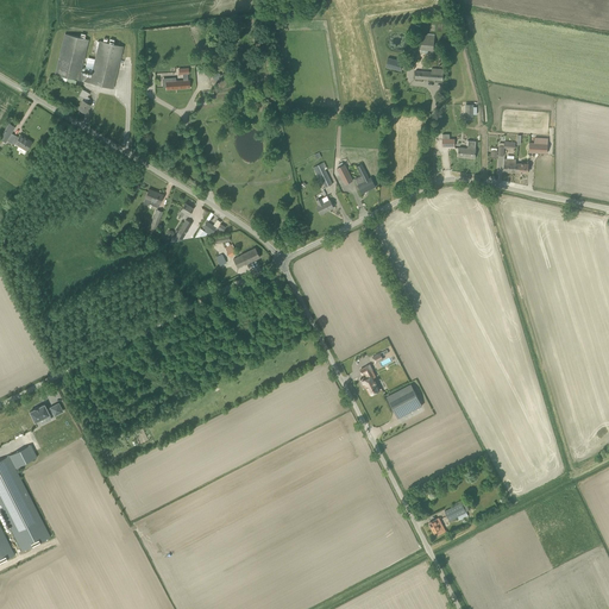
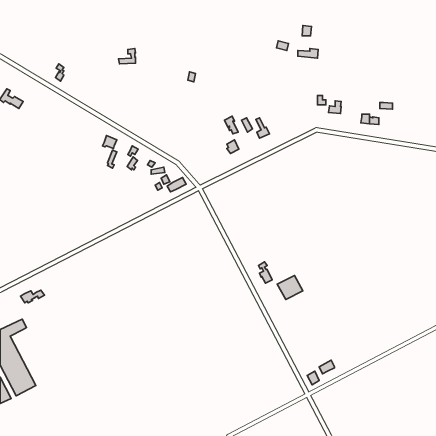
building: [55,34,123,89] -> none

